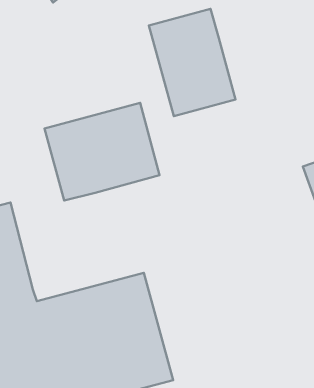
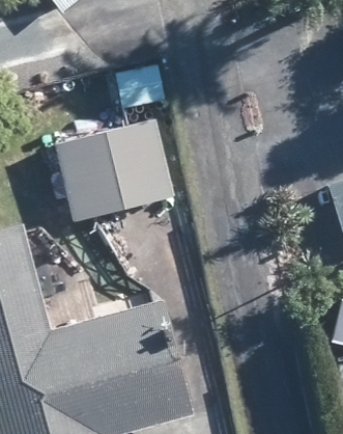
building: [149,9,235,116] -> none

